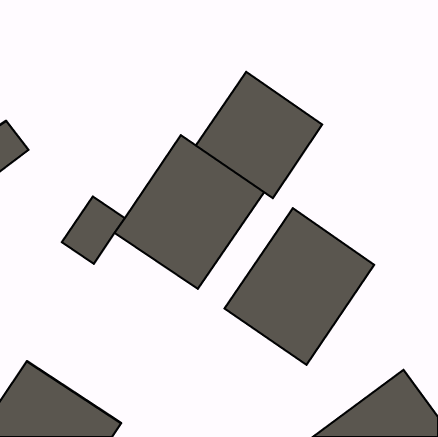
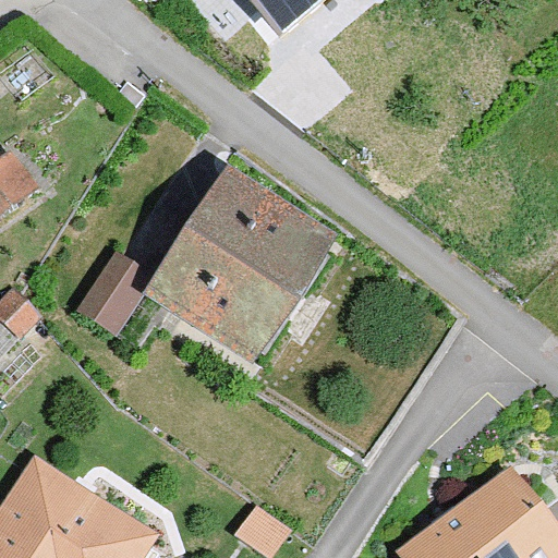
building: [196,72,322,198] -> none
building: [224,208,374,365] -> none

